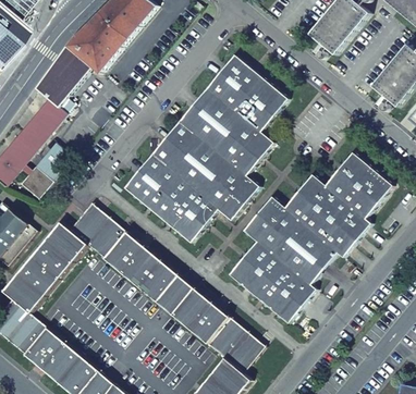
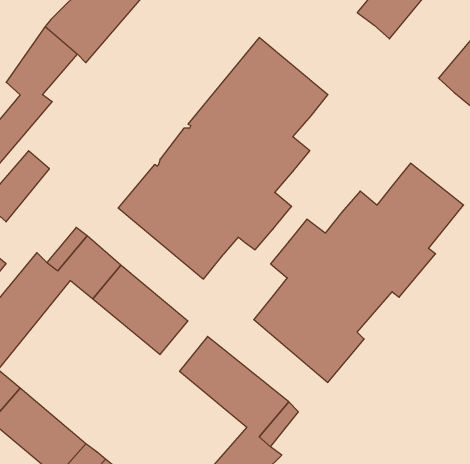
building: [157,275,194,315] -> none

